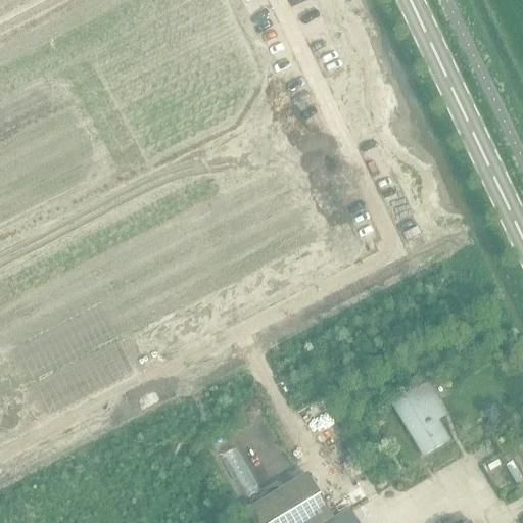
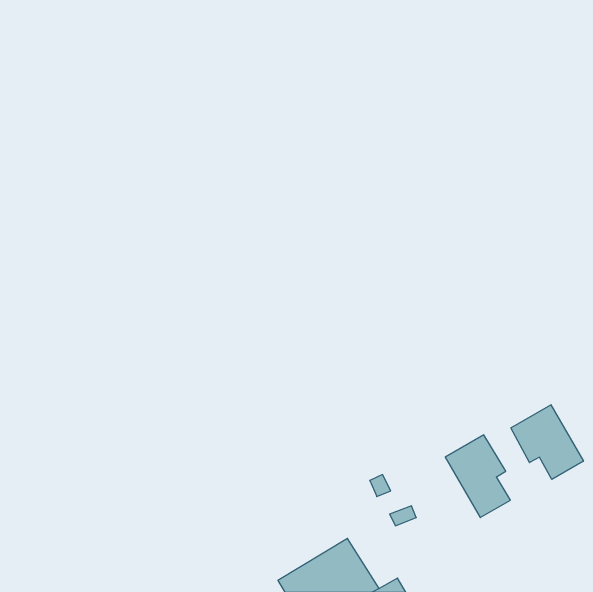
building: none -> [511,405,583,479]

